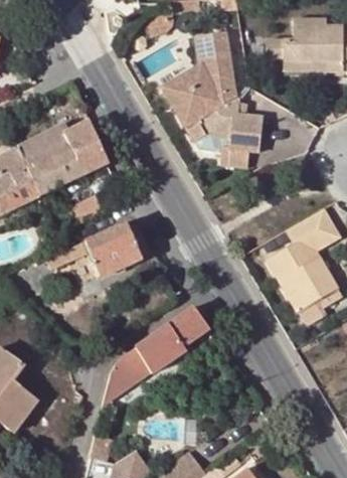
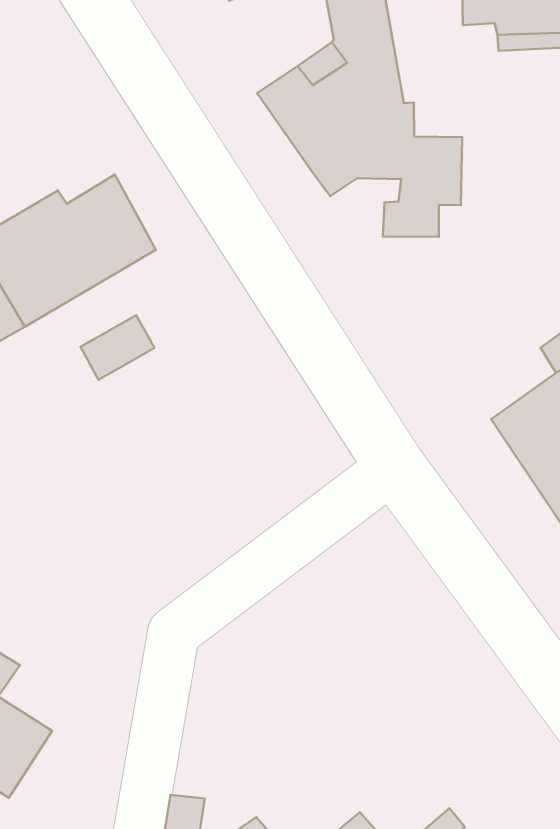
building: [43,223,139,276] -> none
building: [103,306,207,405] -> none

